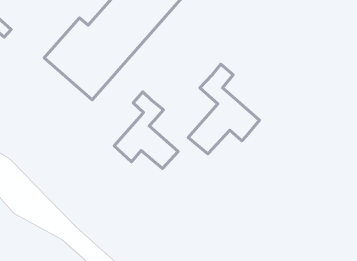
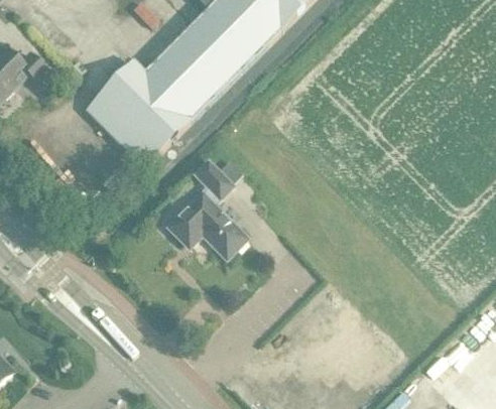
building: [188,64,259,154] -> none

